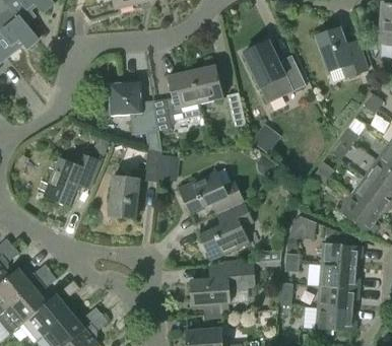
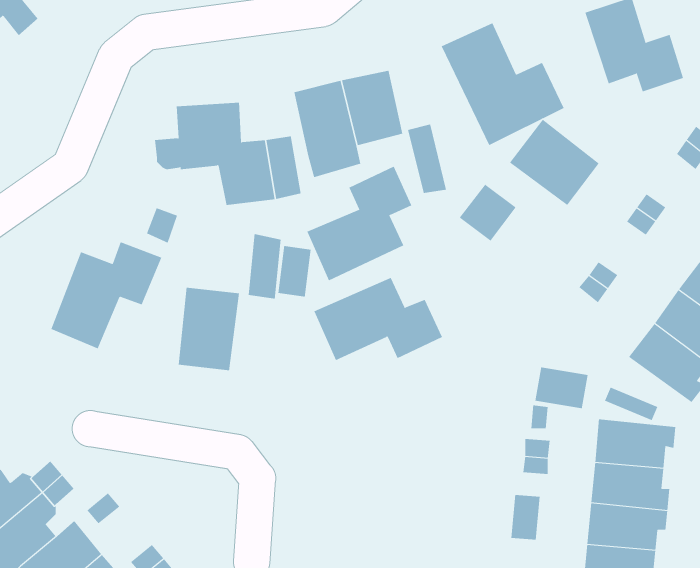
building: none -> [509,119,600,206]
building: [199,201,253,260] -> [307,166,412,281]
building: [191,263,254,305] -> none

